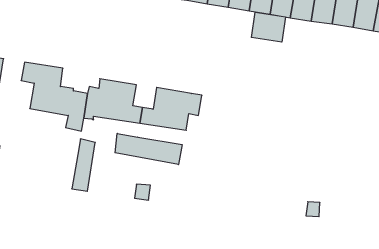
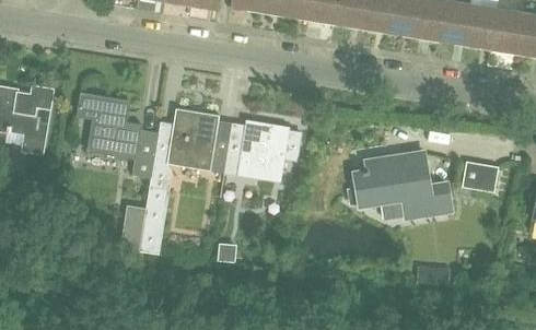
building: [251,12,285,42] -> none
building: none -> [353,153,452,217]
building: none -> [461,161,498,191]
building: [115,133,182,165] -> none
building: none -> [119,205,147,251]

